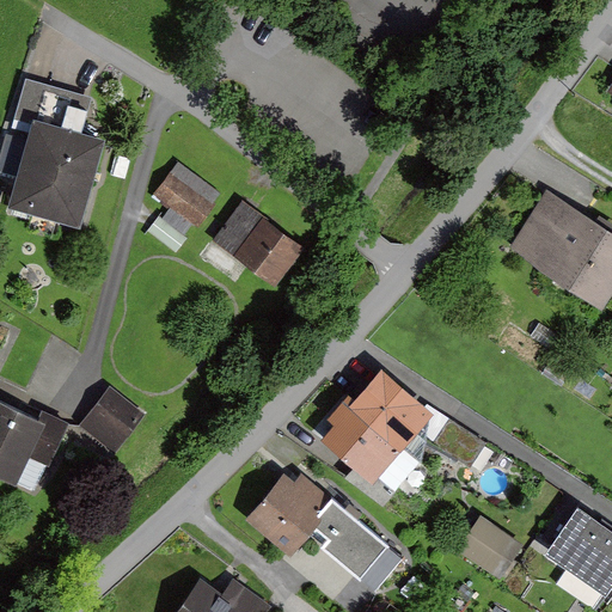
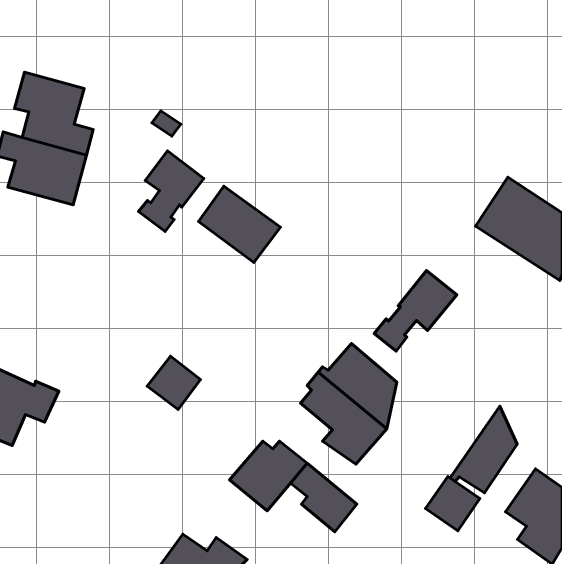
building: none -> [374,271,457,351]
building: [79,393,136,451] -> [147,356,200,409]
building: none -> [450,406,517,493]

